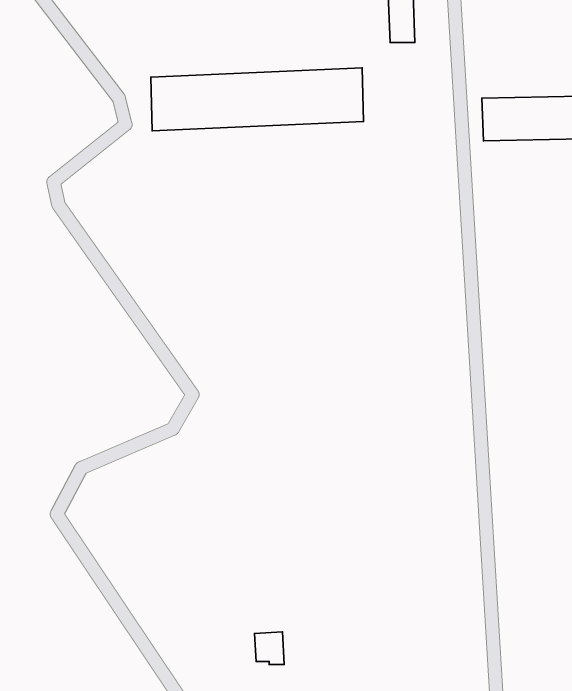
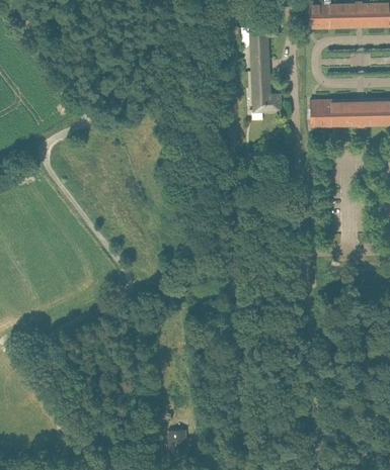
building: none -> [252,67,280,112]
building: [151,68,364,131] -> none

